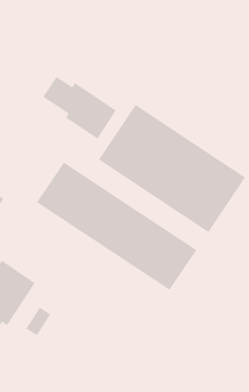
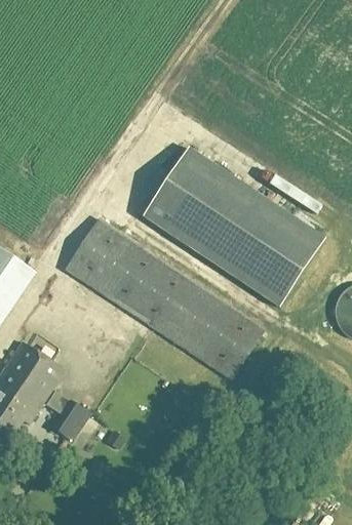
building: [42,76,116,139] -> none

